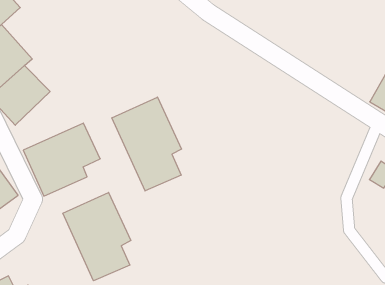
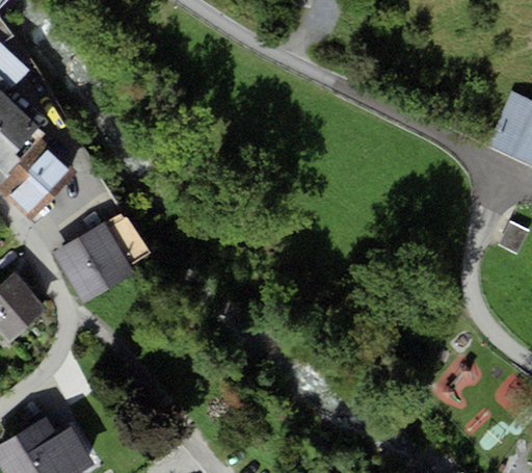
building: [112,97,181,191] -> none
building: [63,192,131,281] -> none

